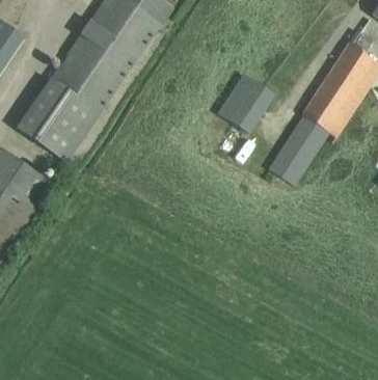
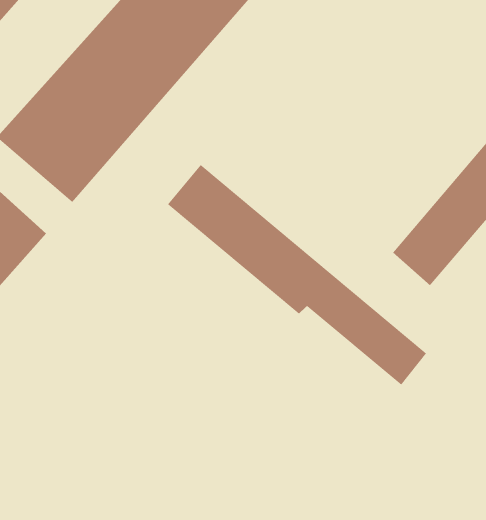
building: [219,74,276,133] -> none
building: none -> [167,164,427,386]

